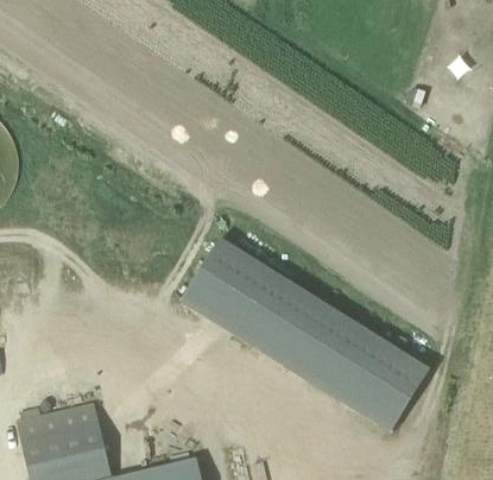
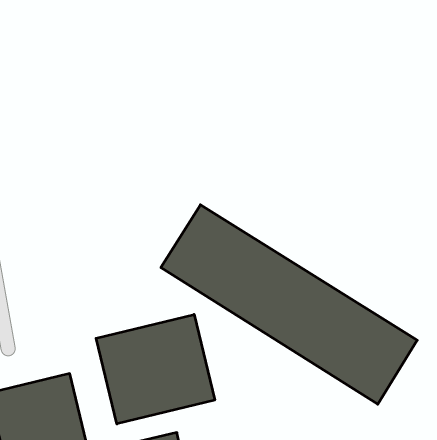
building: none -> [96,314,215,424]

